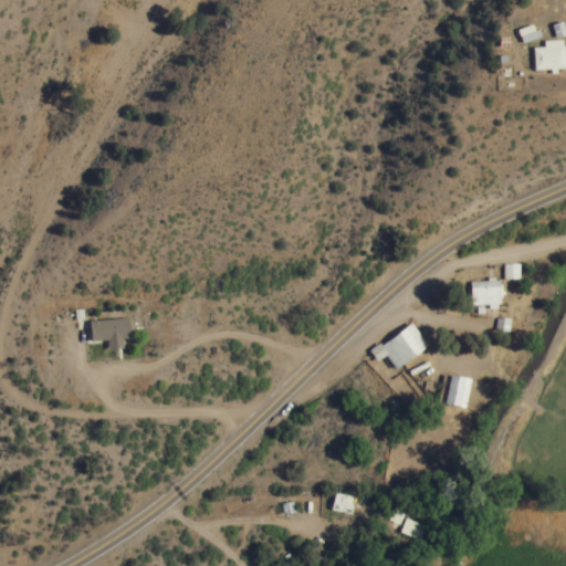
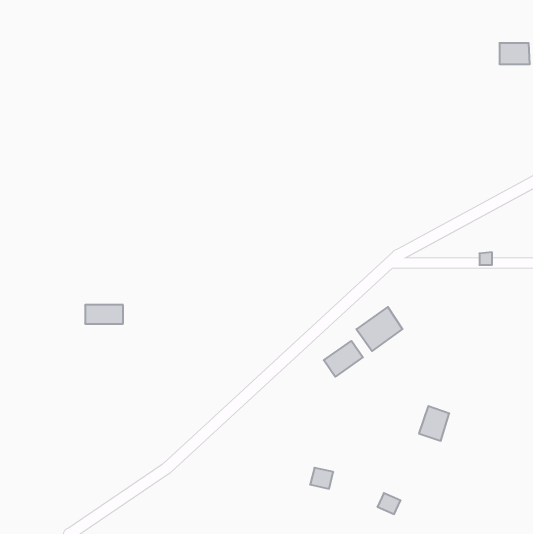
building: [473,281,503,307] -> none
building: none -> [324,341,363,377]
building: [441,373,473,409] -> [419,406,449,441]

